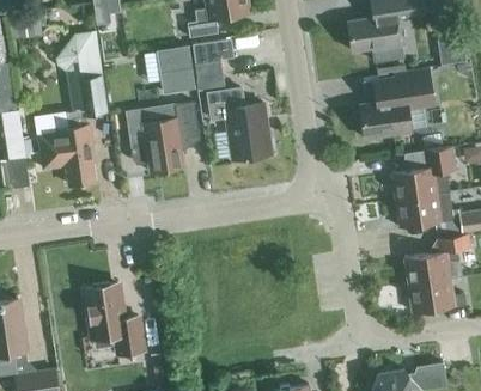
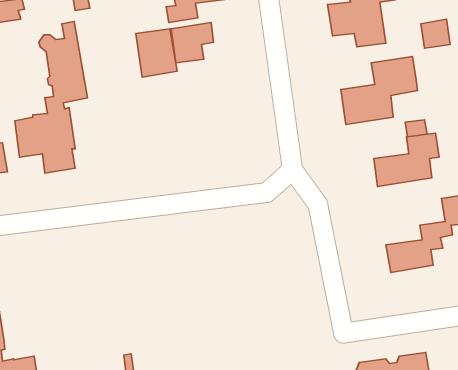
building: [205,86,270,159] -> none
building: [132,102,199,172] -> none
building: [395,191,452,228] -> none
building: [408,277,465,313] -> none
building: [84,283,145,354] -> none

